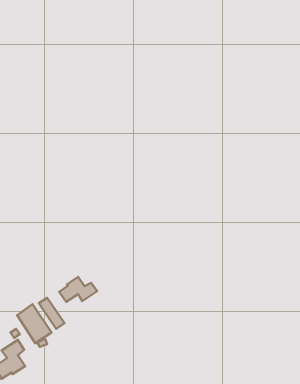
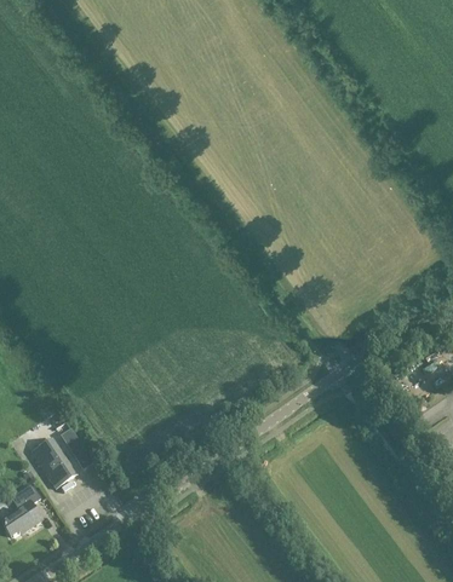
building: [59,277,97,302] -> none

